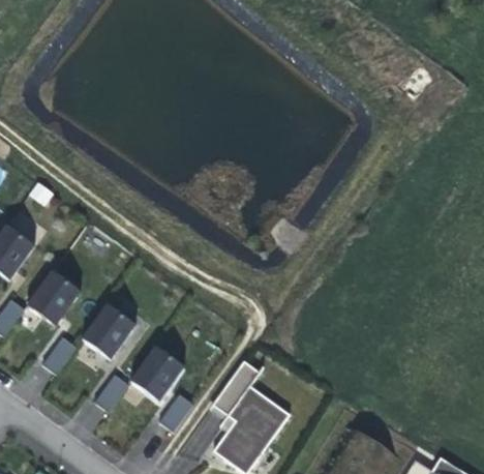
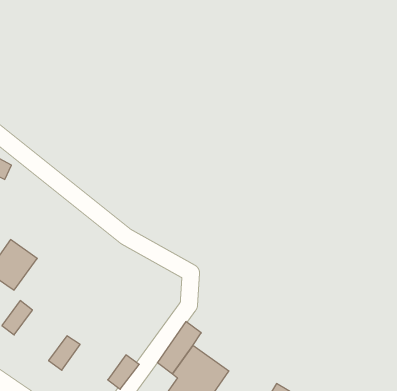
building: [82,303,135,359] -> none
building: [130,346,184,402] -> none

